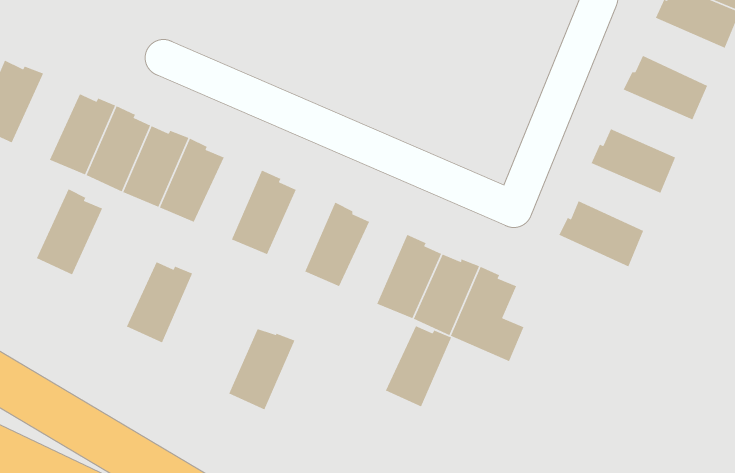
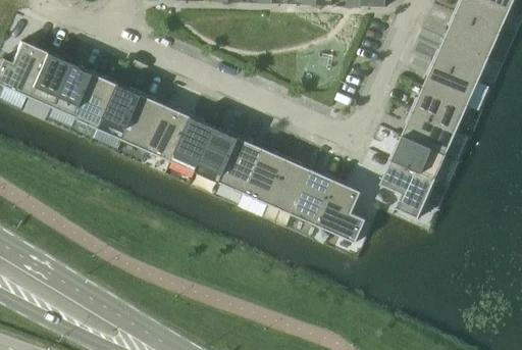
building: none -> [447,14,502,59]
building: none -> [425,62,480,107]
building: none -> [404,111,459,156]
building: [36,188,103,275] -> [27,51,71,109]
building: none -> [381,159,437,219]
building: [126,261,193,344] -> [148,107,193,162]
building: [385,325,452,408] -> [245,150,290,205]
building: [228,328,295,411] -> [197,129,242,184]

